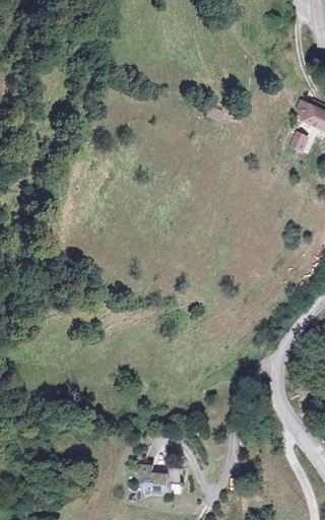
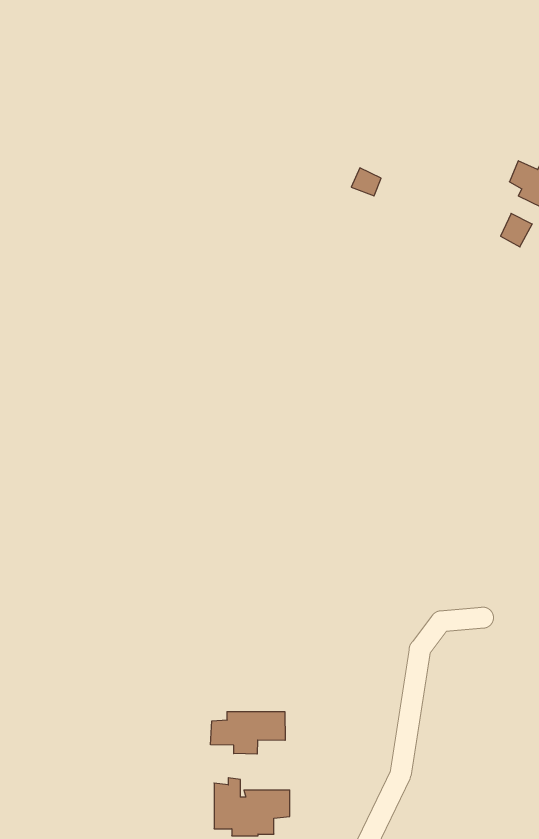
building: none -> [211,712,285,754]

